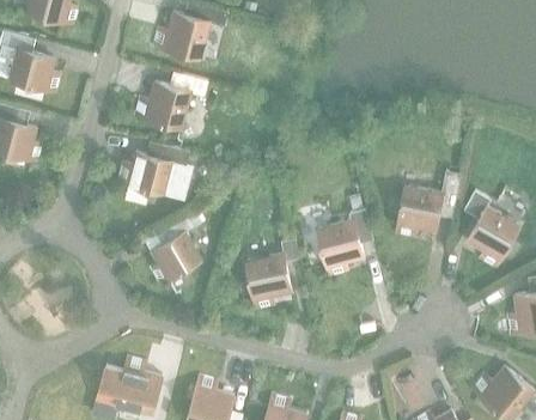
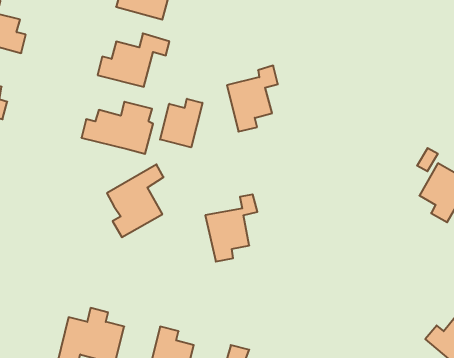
building: none -> [160,99,202,147]
building: [396,172,461,238] -> none
building: [317,209,370,278] -> [227,66,278,132]

